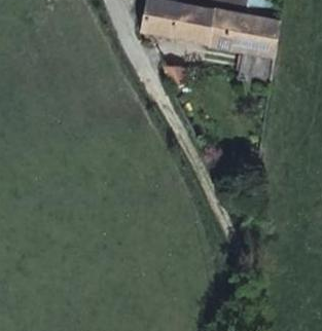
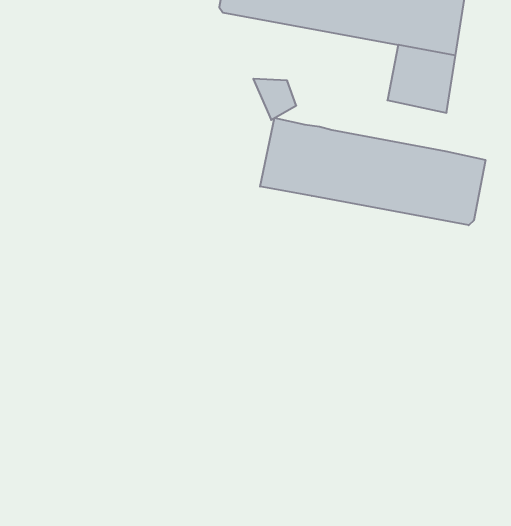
building: none -> [260,118,485,225]

